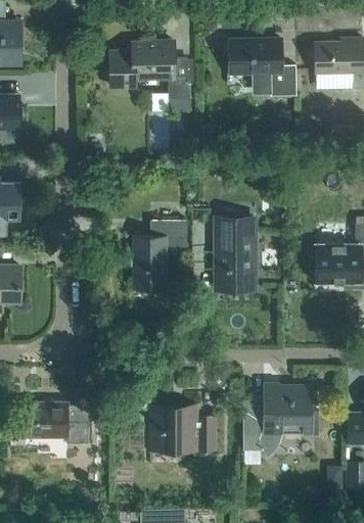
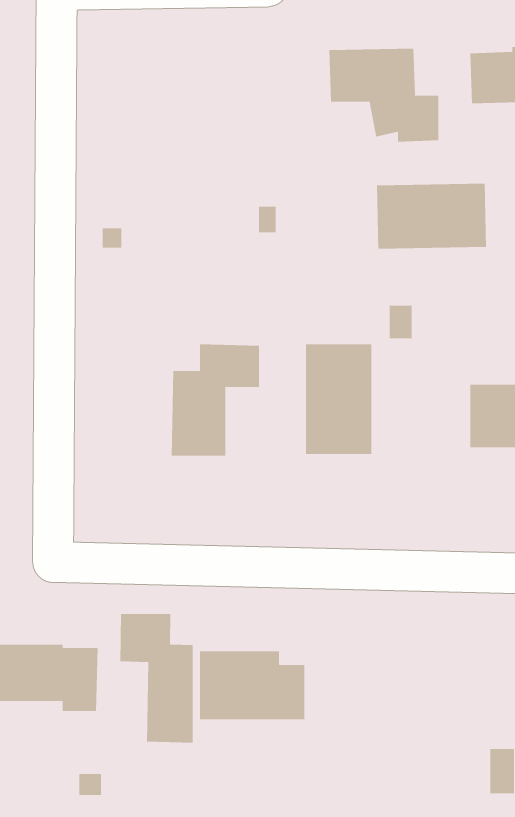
building: [109,43,191,113] -> none
building: none -> [376,183,486,250]
building: none -> [120,613,193,743]
building: [243,387,319,459] -> none

